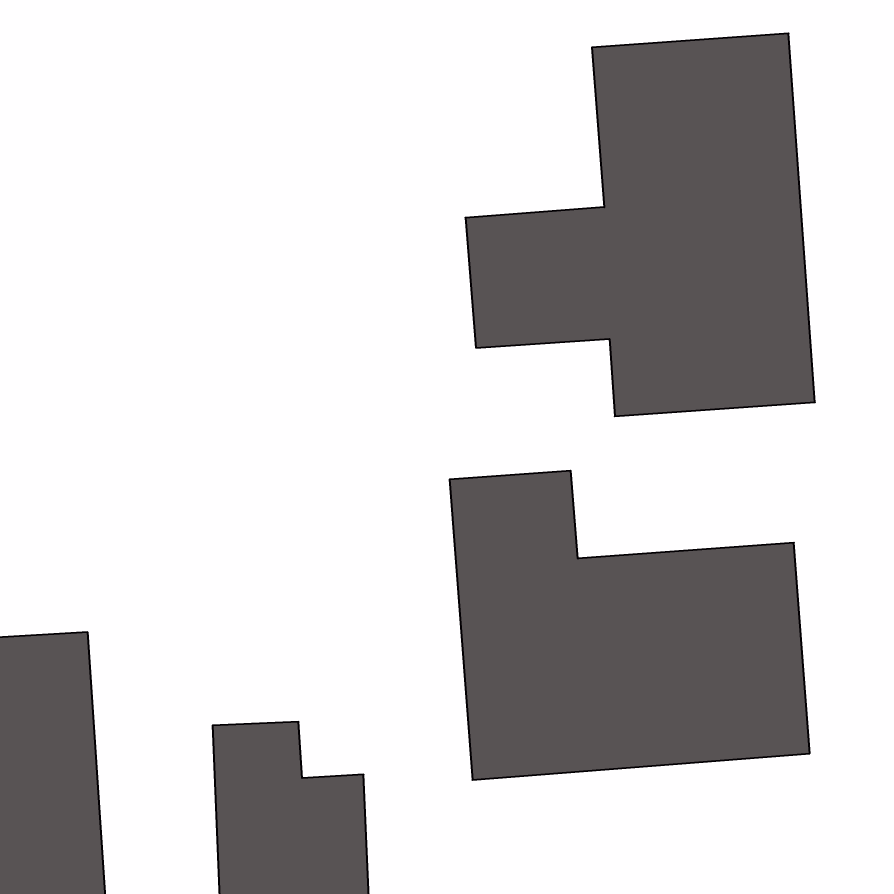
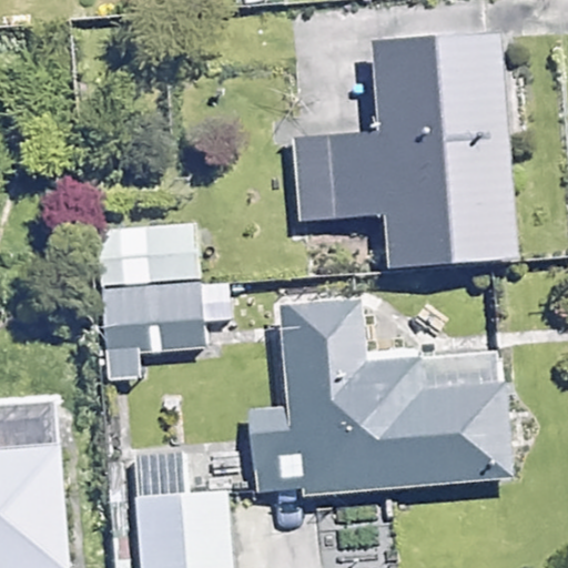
building: none -> [104,225,232,386]

